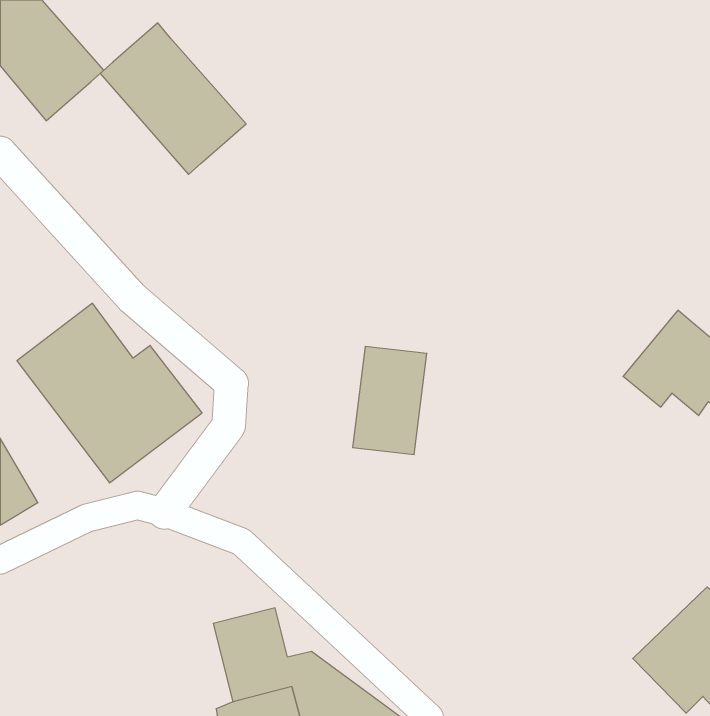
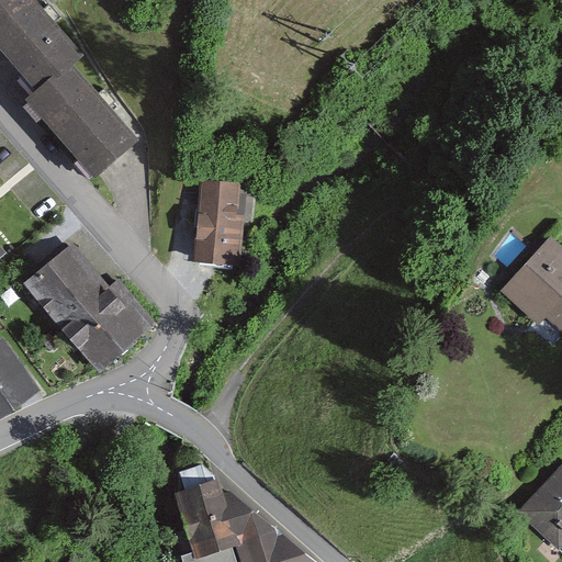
building: [100,23,246,174] -> [32,65,146,183]
building: [353,346,427,455] -> [186,184,244,269]

